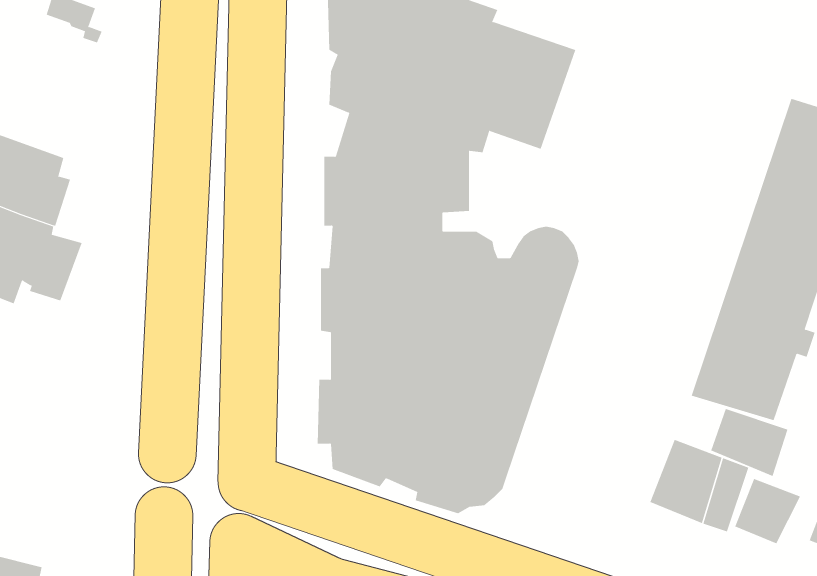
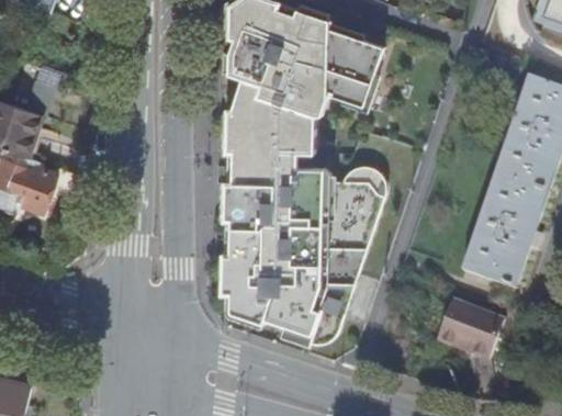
building: [710,408,788,477] -> none
building: [735,478,801,544] -> none

